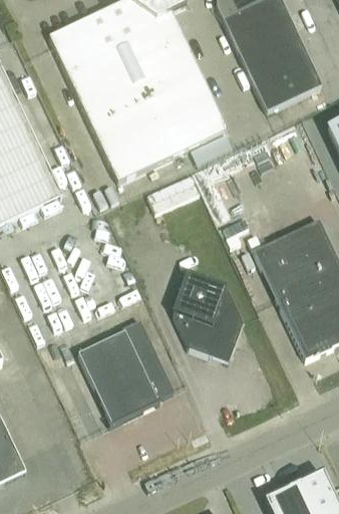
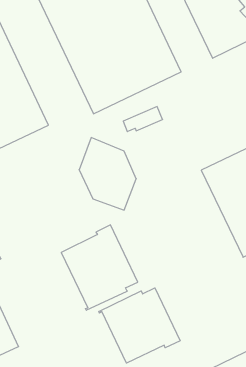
building: [171,270,242,360] -> [79,138,136,210]
building: none -> [99,288,180,363]

